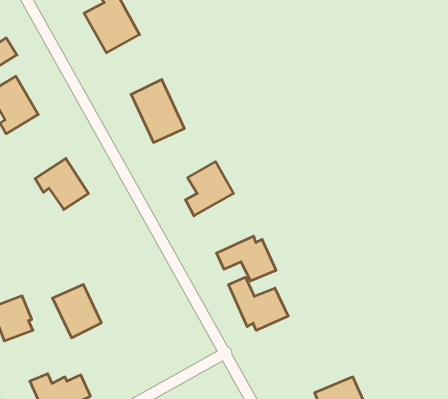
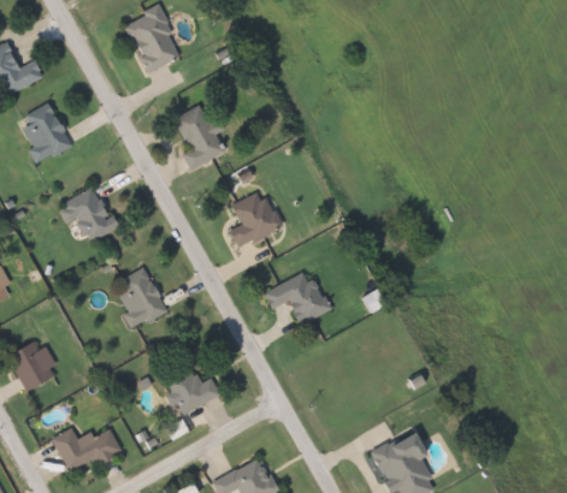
building: [229,277,288,330] -> none
building: [52,284,101,338] -> [112,268,167,328]
building: none -> [165,368,219,414]

